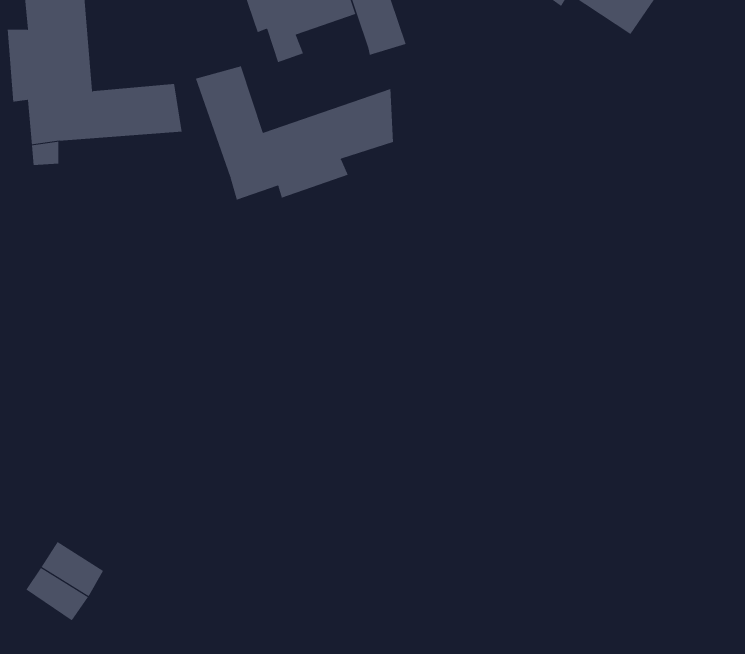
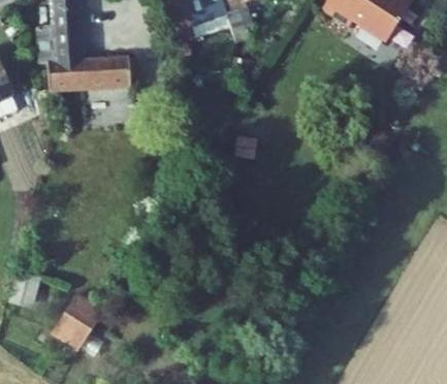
building: [195,65,393,200] -> none

